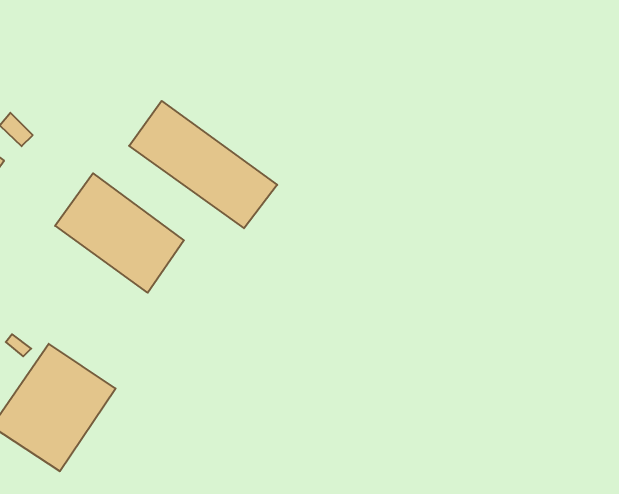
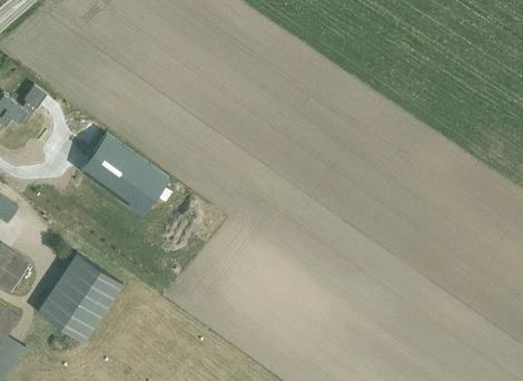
building: [129,101,277,228] -> none

